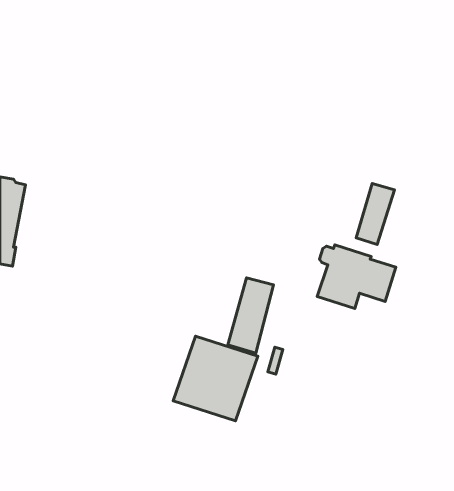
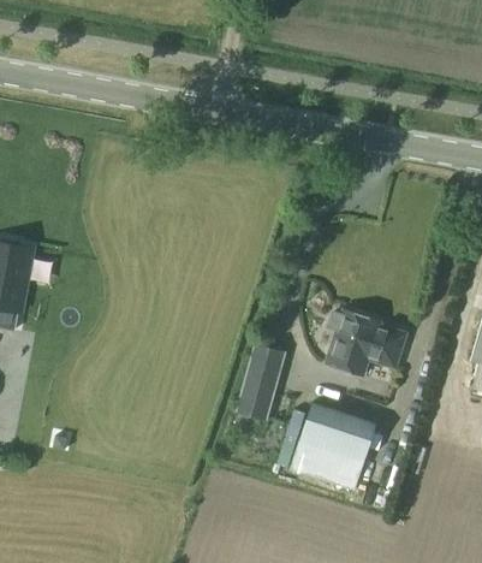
building: [356,184,394,244] -> none
building: [173,336,258,421] -> [290,404,376,491]

